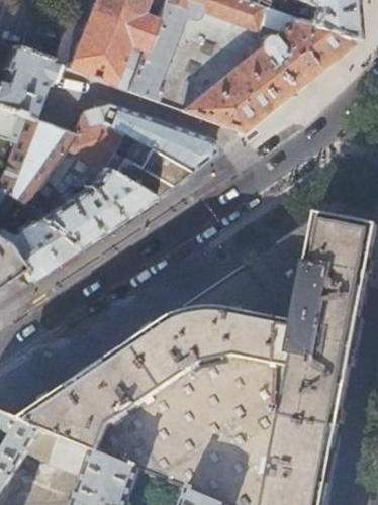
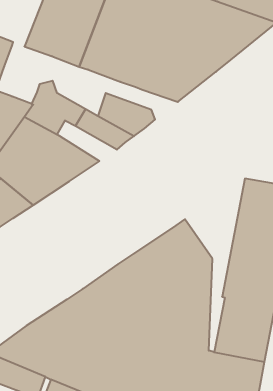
building: [97,105,158,148] -> none
building: [102,154,171,200] -> none
building: [249,220,317,419] -> none

